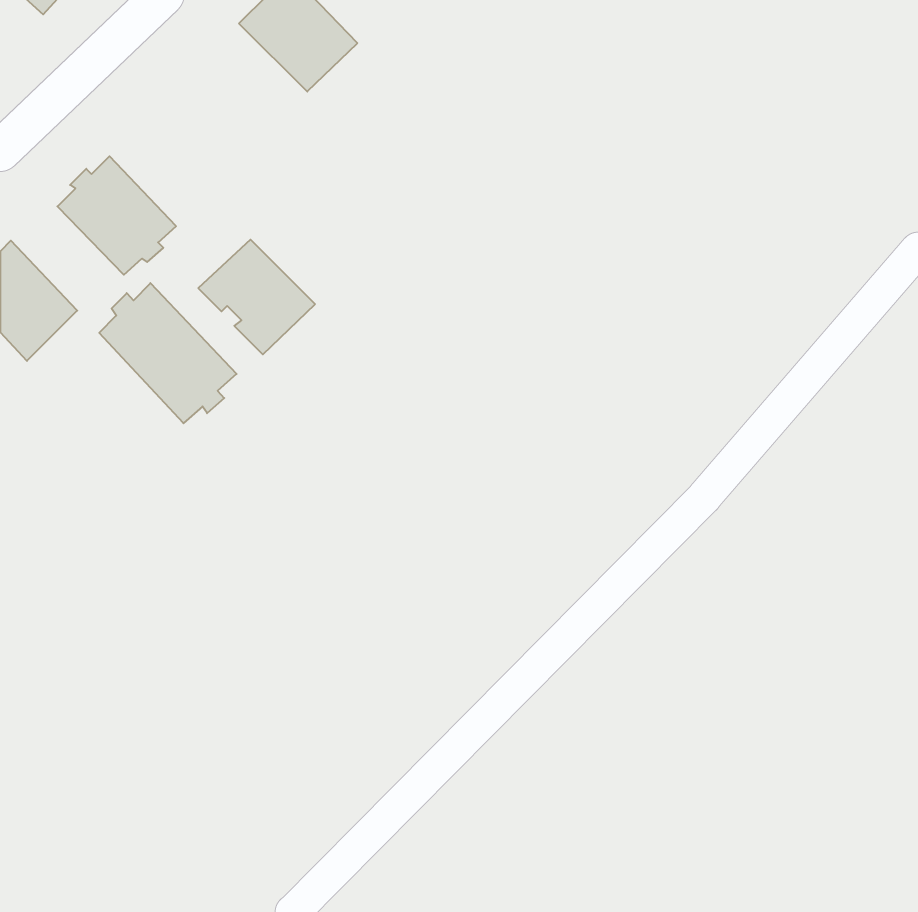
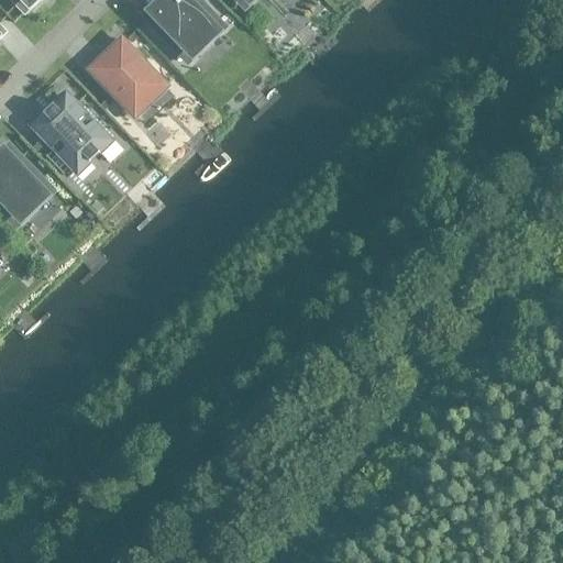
building: [198,240,315,354] -> [89,38,161,109]
building: [99,283,237,423] -> none

